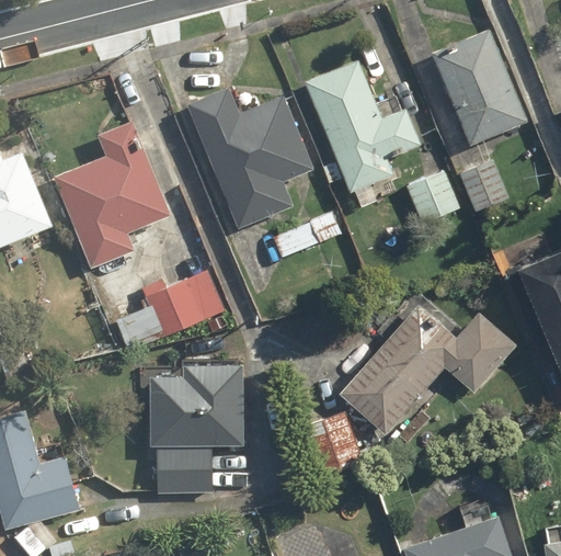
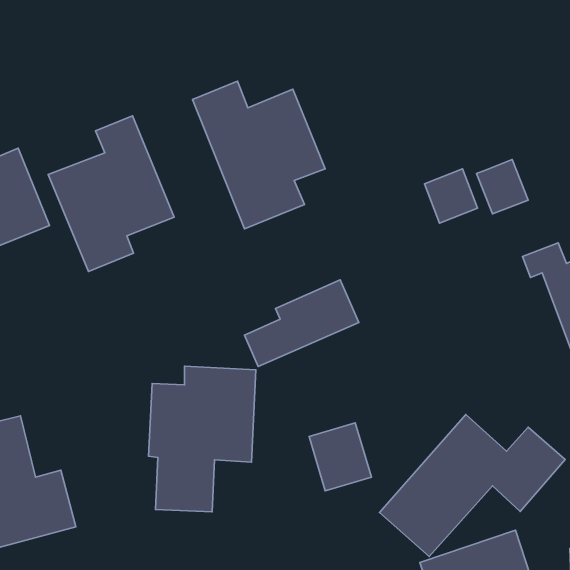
building: [431,29,528,147] -> none
building: [305,59,420,207] -> none
building: [115,271,224,353] -> [244,280,359,366]
building: [339,300,515,435] -> [379,414,565,556]

